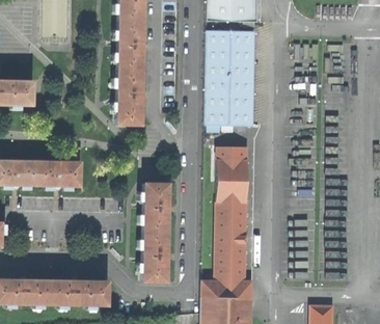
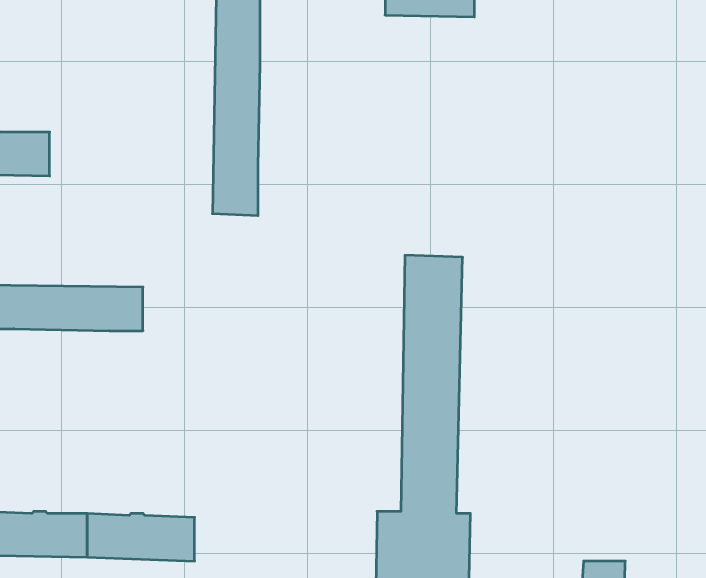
building: [205,30,254,125] -> none
building: [142,183,167,281] -> none

